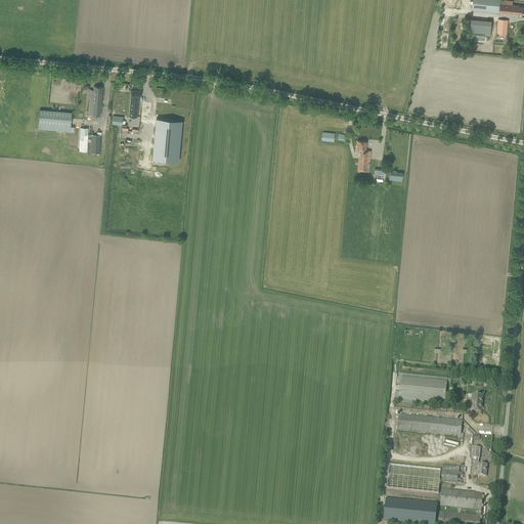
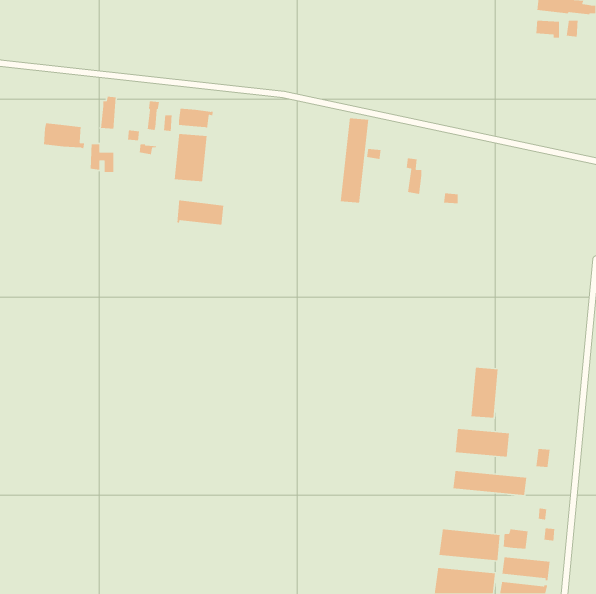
building: none -> [178,108,213,128]
building: none -> [340,117,369,203]
building: none -> [176,200,224,226]
building: none -> [471,367,498,419]

